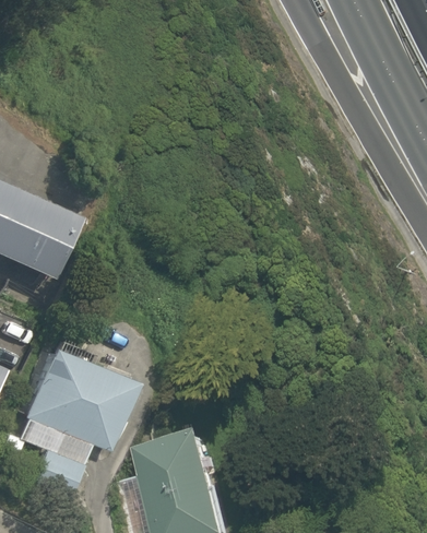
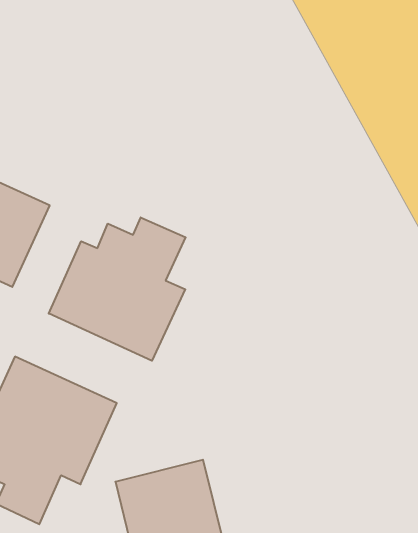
building: none -> [49,217,186,361]

